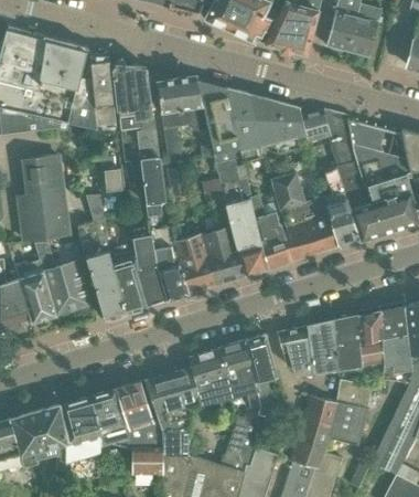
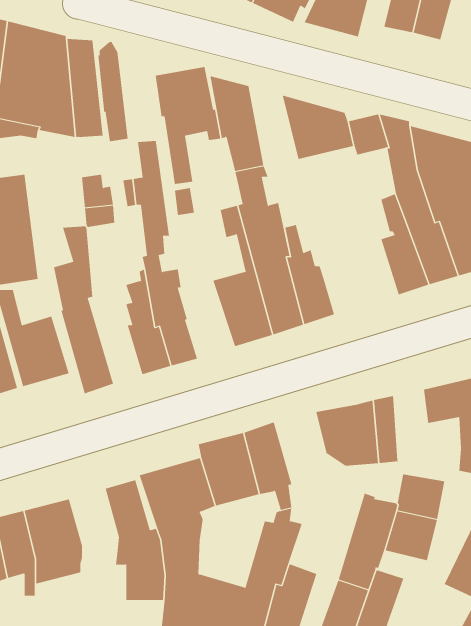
building: [128,64,157,131] -> none
building: [226,89,262,161] -> none
building: [270,170,337,261] -> none
building: [173,234,215,294] -> none
building: [106,245,146,313] -> none
building: [334,317,384,371] -> none
building: [245,336,275,417] -> none
building: [92,391,128,447] -> none

